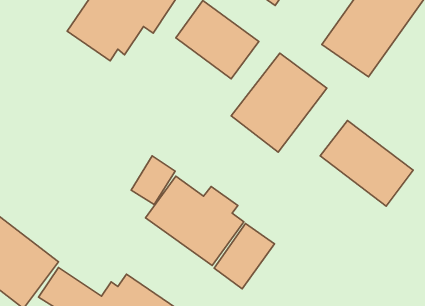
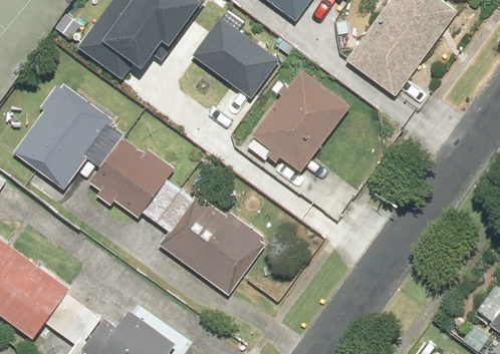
building: none -> [12,81,175,218]
building: [320,120,413,206] -> none
building: [214,224,274,289] -> none

